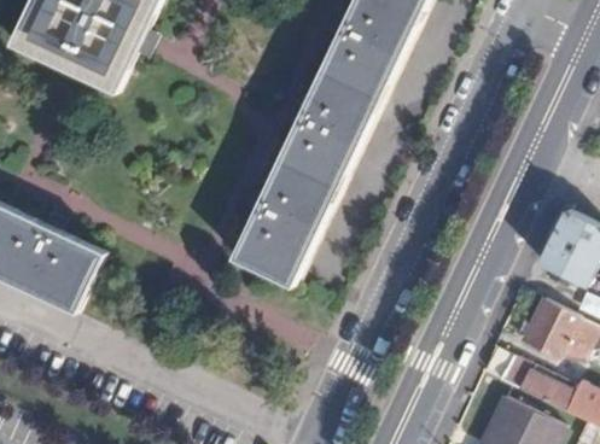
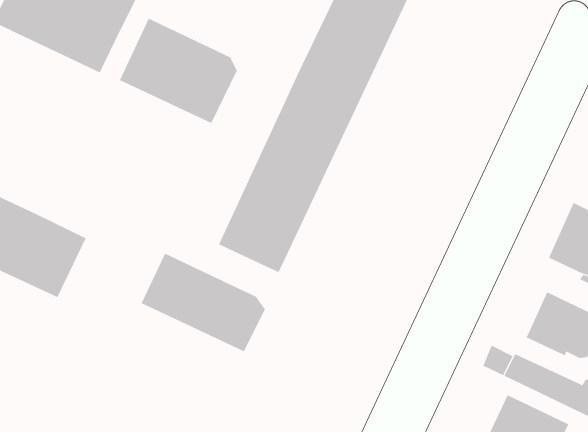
building: none -> [119,18,238,124]
building: none -> [141,253,266,352]

